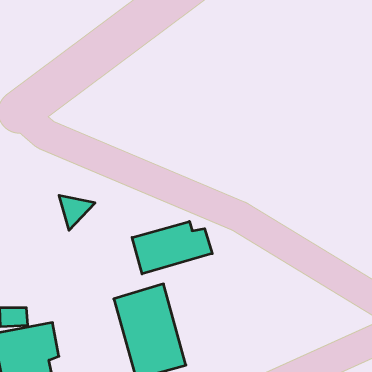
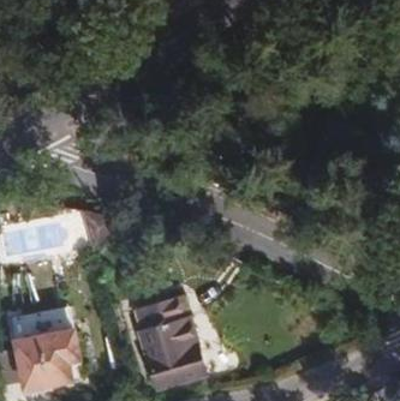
building: [132,221,212,274] -> none

